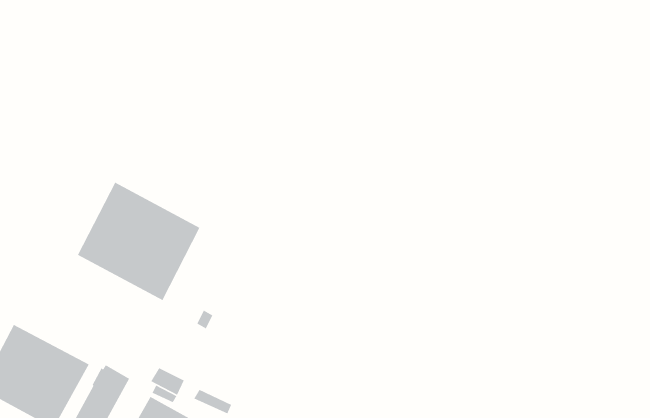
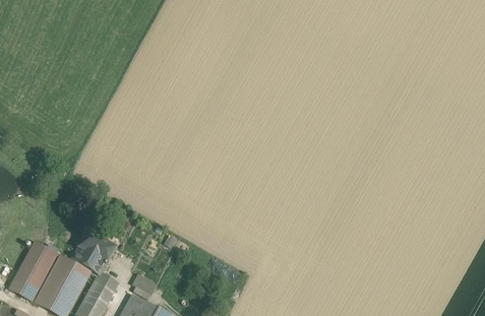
building: [77,182,201,301] -> none
building: none -> [71,230,116,274]

